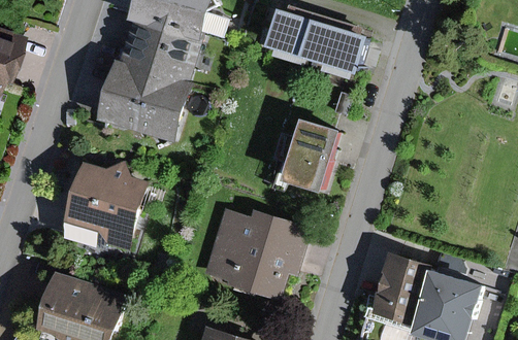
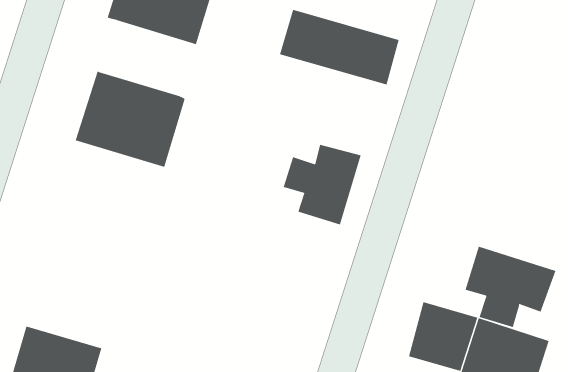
building: [117,19,198,82] -> none
building: [62,161,144,248] -> none
building: none -> [465,246,556,328]
building: [205,210,301,296] -> none

